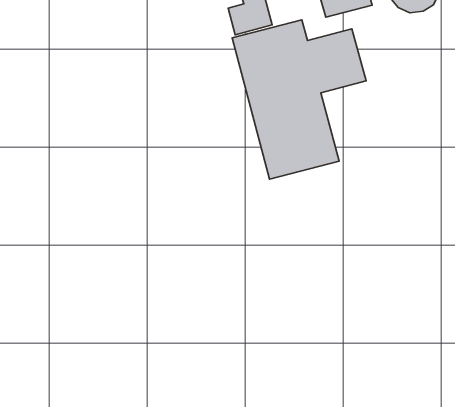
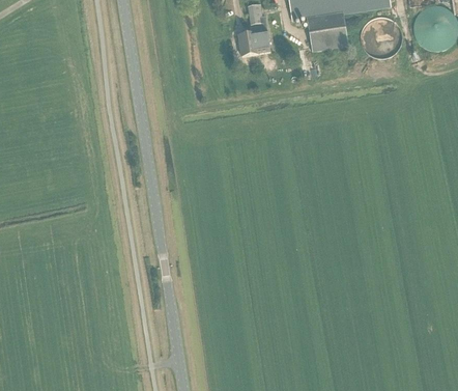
building: [232,20,366,179] -> none

